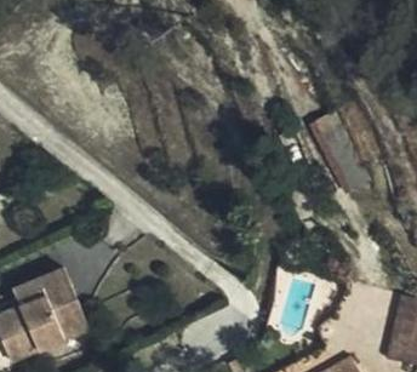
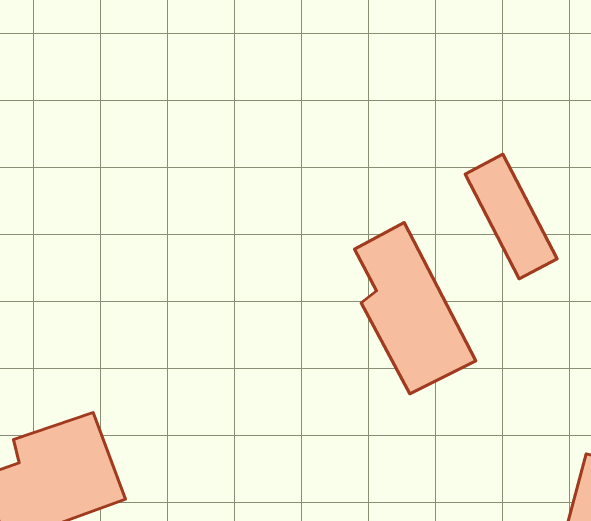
building: none -> [354,223,476,394]

